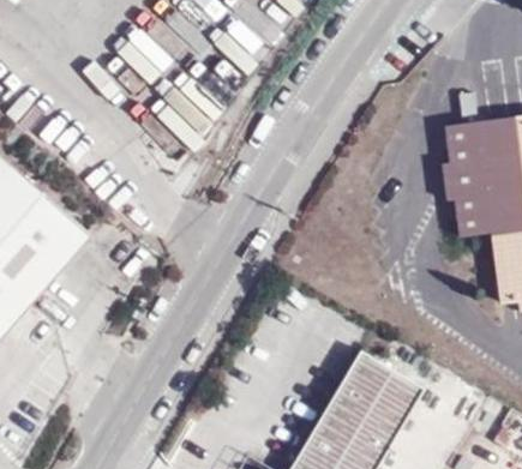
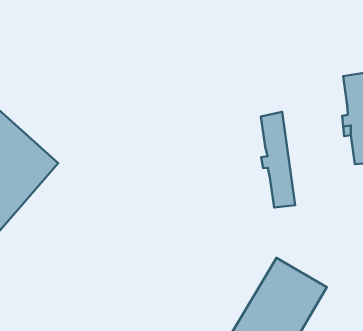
building: none -> [261,112,295,208]

